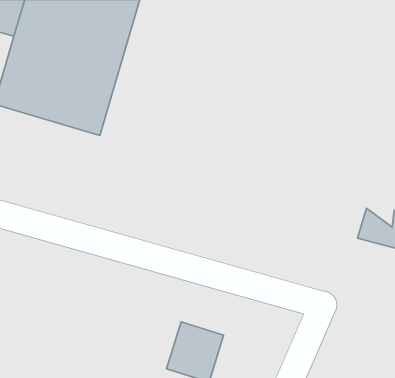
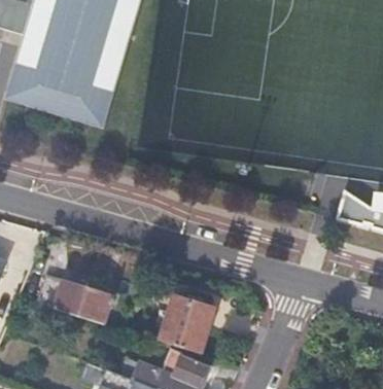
building: none -> [36,275,110,323]

